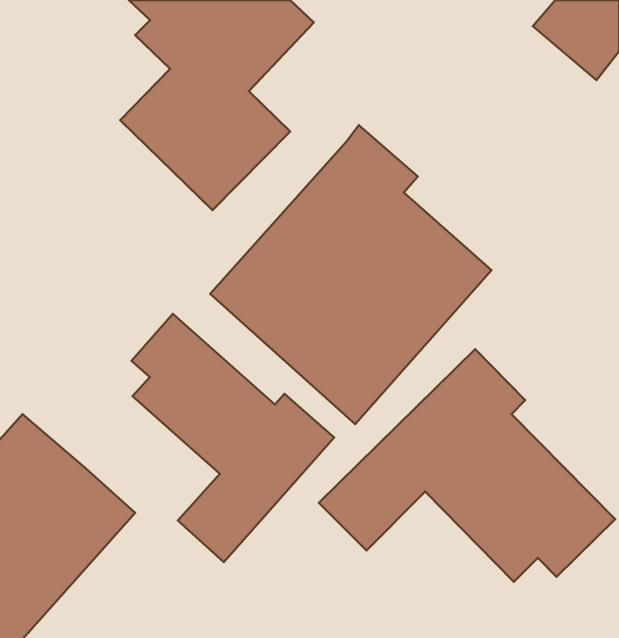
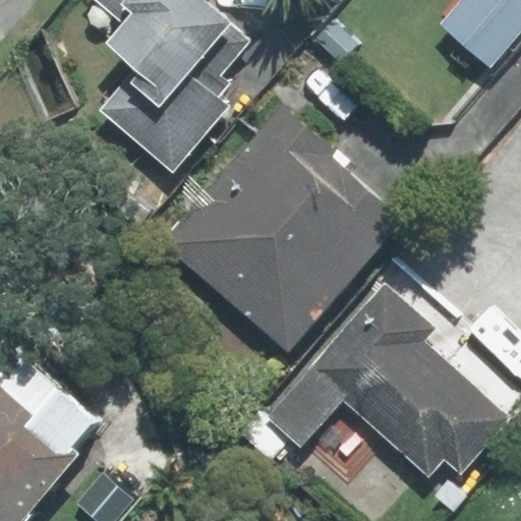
building: [131,314,334,562] -> none

